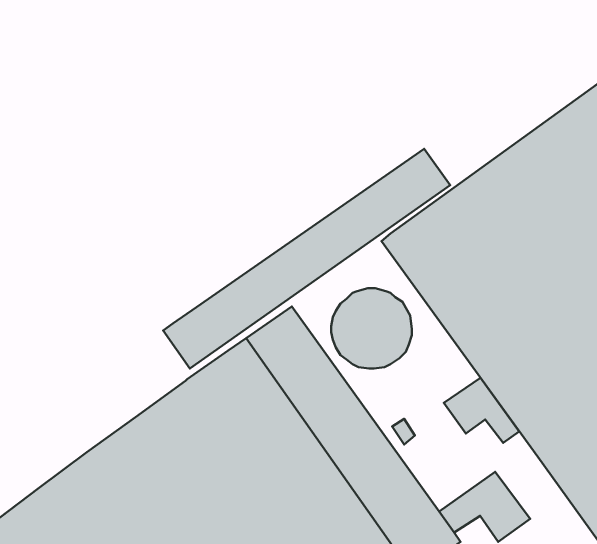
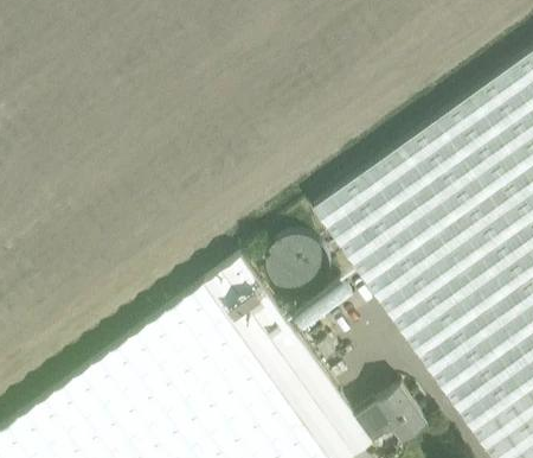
building: [163,149,450,369] -> none
building: [444,378,519,443] -> none

